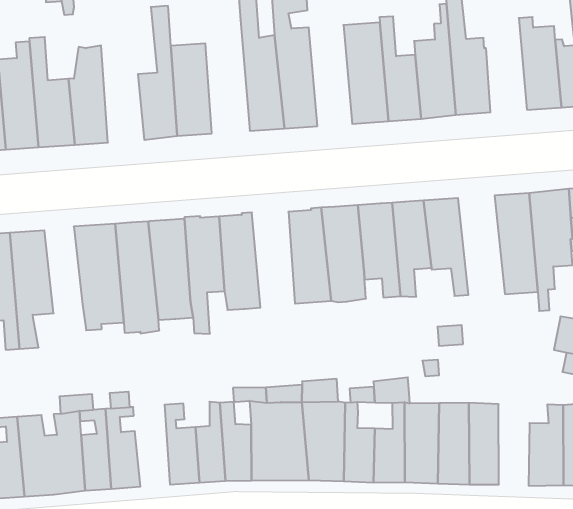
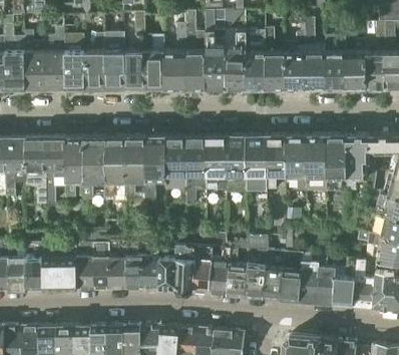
building: none -> [325,34,347,88]
building: none -> [164,25,186,89]
building: none -> [225,32,246,89]
building: none -> [104,24,125,90]
building: none -> [304,136,327,194]
building: none -> [184,136,206,206]
building: none -> [64,137,83,199]
building: none -> [316,257,336,305]
building: none -> [108,244,126,290]

